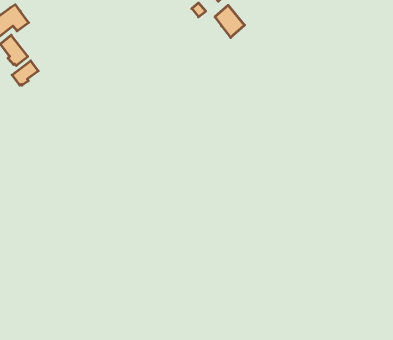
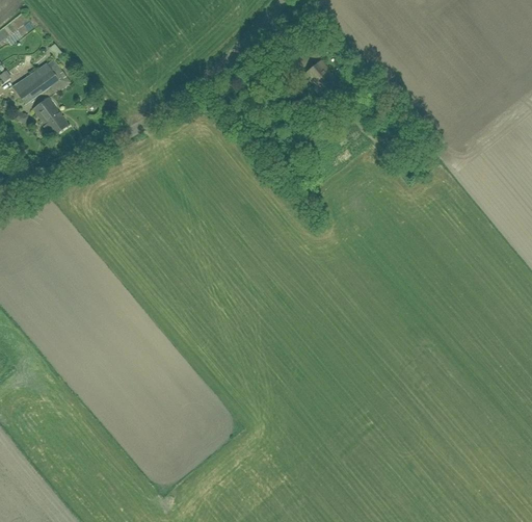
building: [12,61,38,85] -> none

